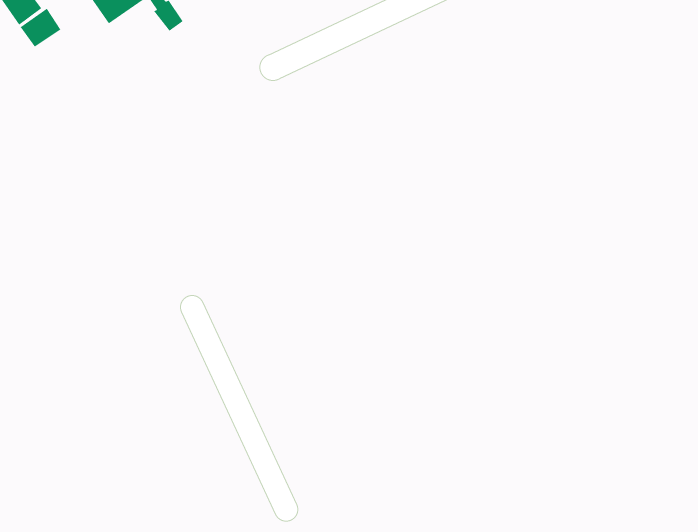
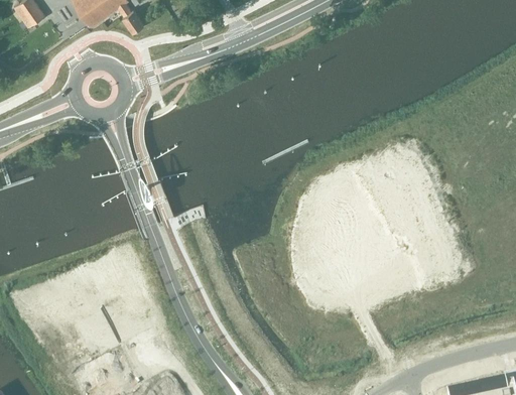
building: [20,8,61,48] -> none

